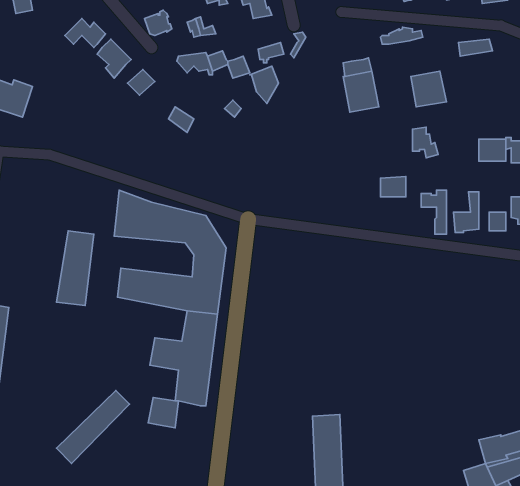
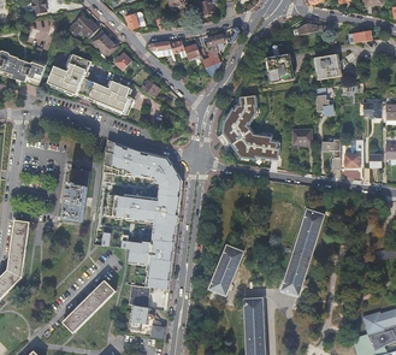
building: none -> [47,54,131,113]
building: none -> [224,95,280,160]
building: none -> [280,208,323,294]
building: none -> [209,244,243,295]

